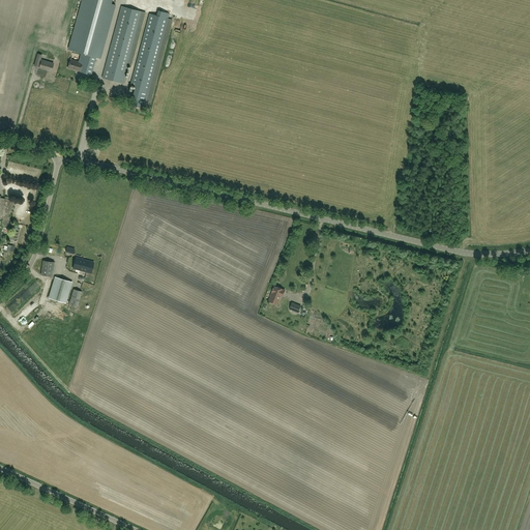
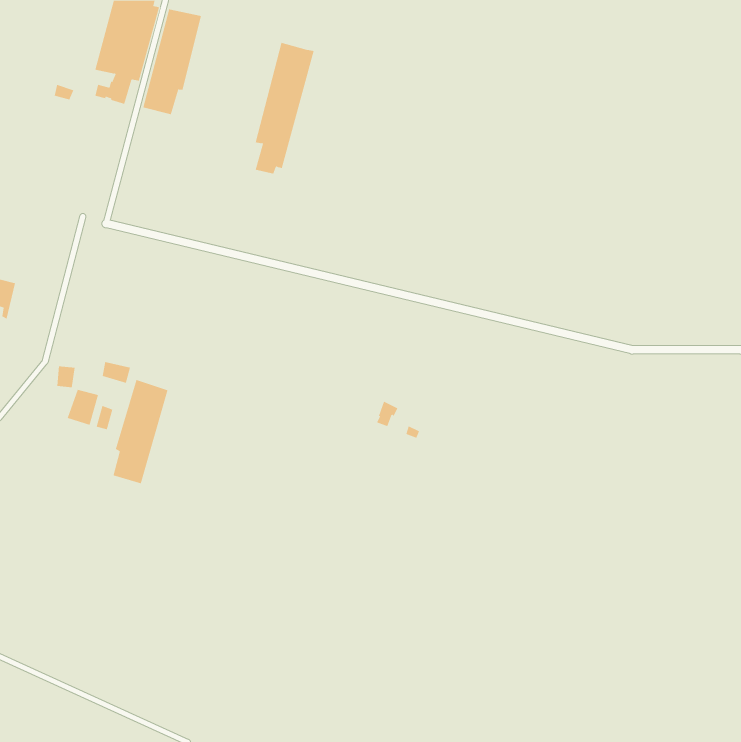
building: [129,13,172,108] -> [255,42,314,174]
building: none -> [113,379,168,484]

